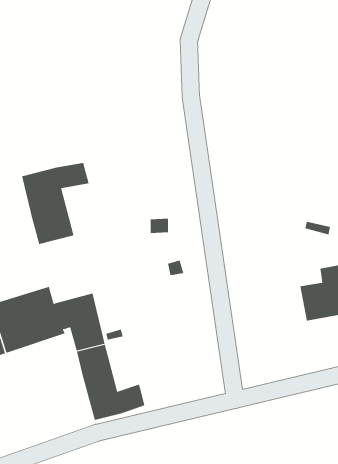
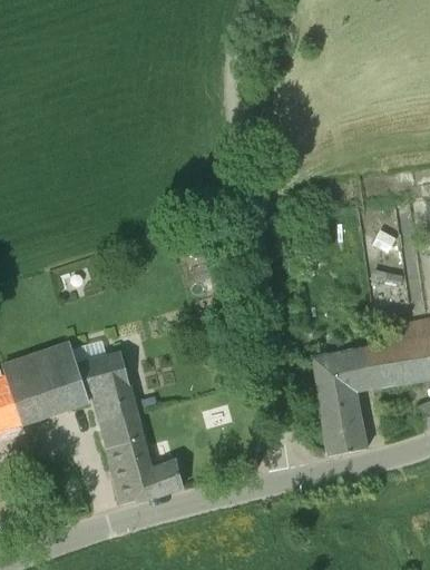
building: [21,162,89,245] -> none
building: none -> [313,346,371,456]

